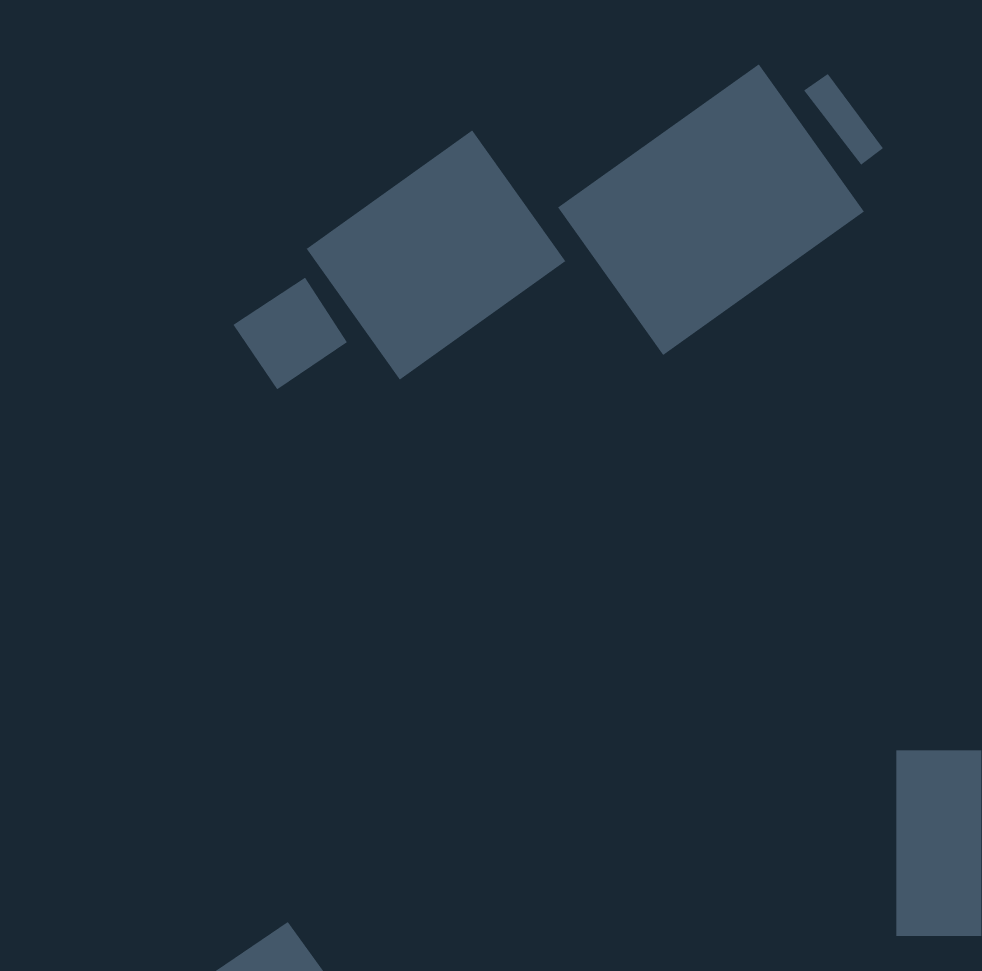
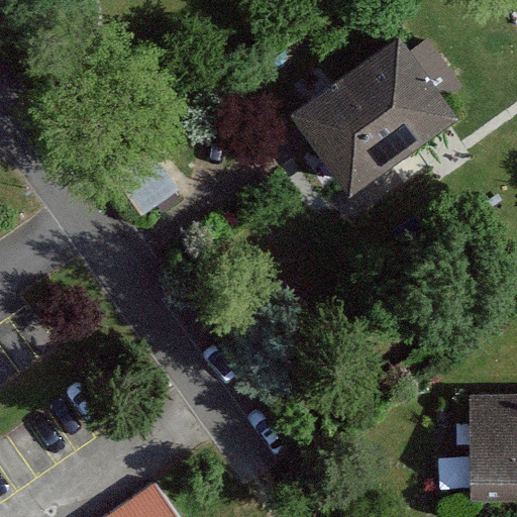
building: [306,130,566,380] -> none

